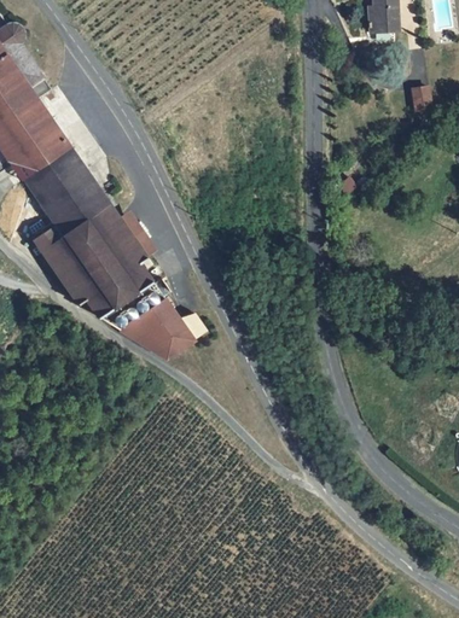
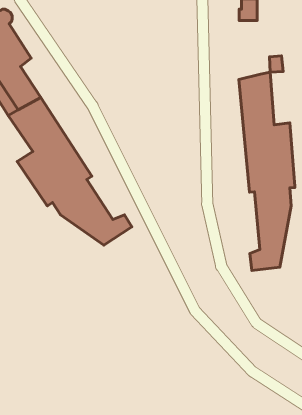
building: none -> [239,72,295,271]

